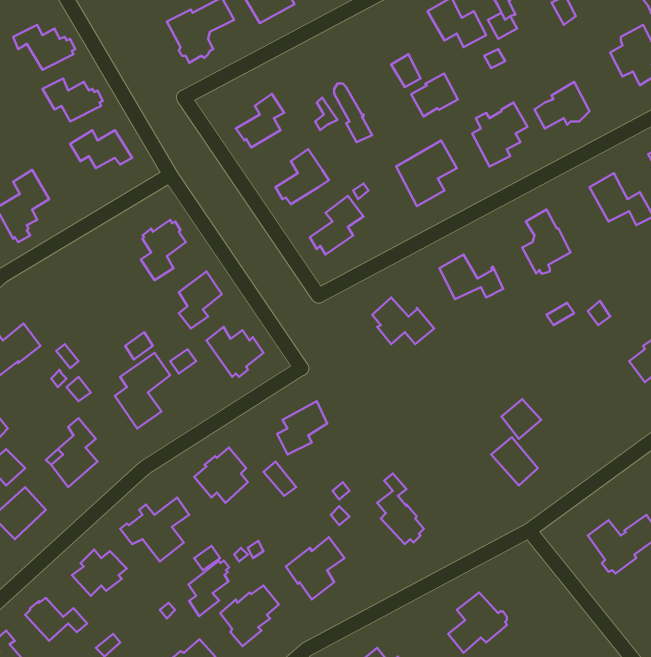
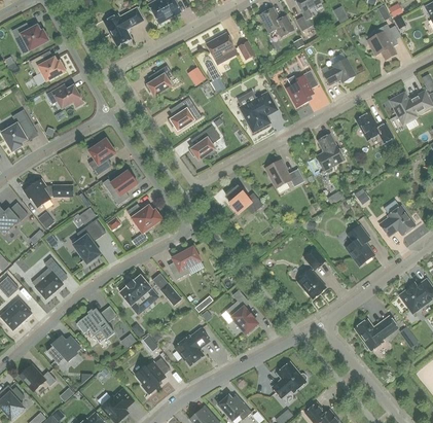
building: [411,74,458,117] -> [207,32,234,58]
building: none -> [24,178,73,207]
building: none -> [347,224,374,265]
building: [188,561,229,616] -> none

